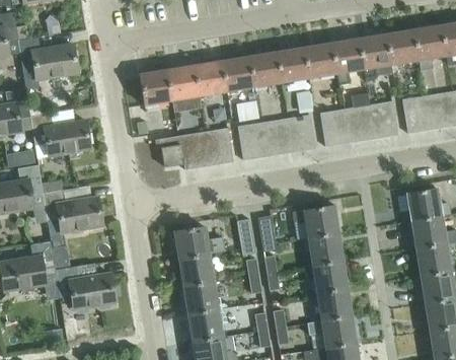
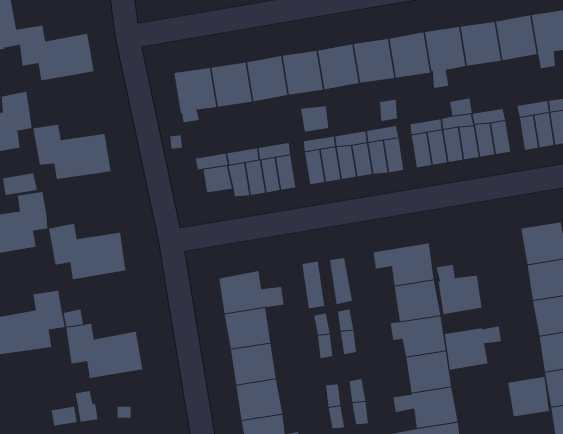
building: none -> [436,264,482,315]
building: none -> [444,326,502,370]
building: none -> [507,376,550,417]

